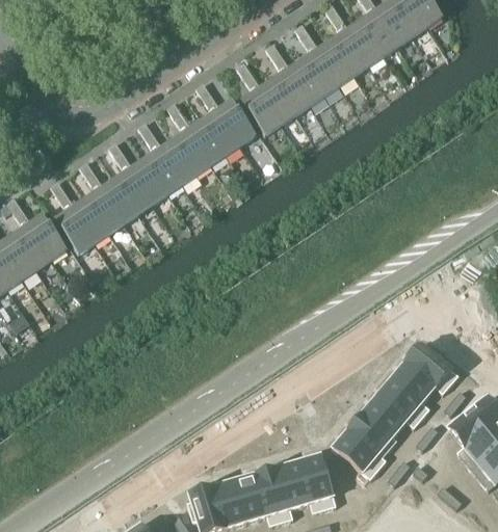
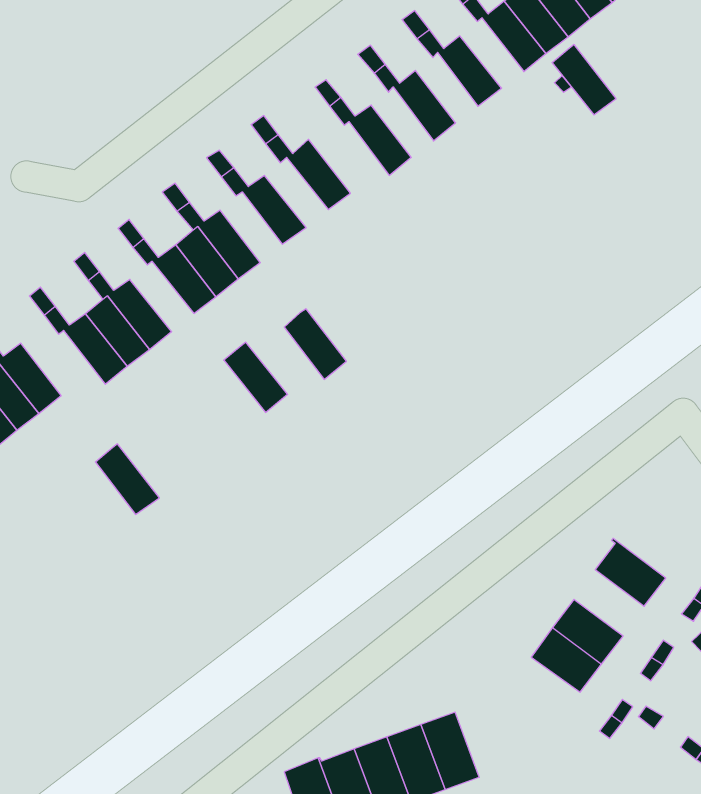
building: [329,31,367,76] -> [552,45,616,115]
building: [299,51,337,96] -> none
building: [270,71,308,115] -> none
building: [240,90,279,135] -> none
building: [201,110,239,155] -> none
building: [172,130,209,175] -> [284,309,346,379]
building: [112,169,151,214] -> [224,342,288,412]
building: [54,209,93,254] -> [95,444,159,514]
building: [403,344,450,389] -> none
building: [376,380,420,423] -> none
building: [332,432,376,475] -> none
building: [297,457,332,505] -> none

